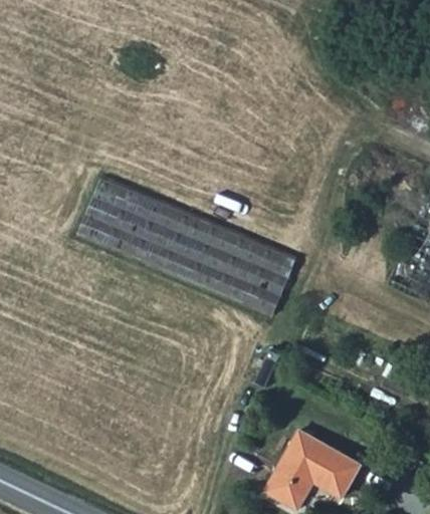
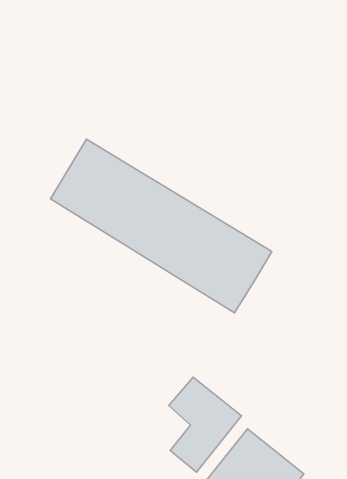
building: none -> [169,377,242,472]

